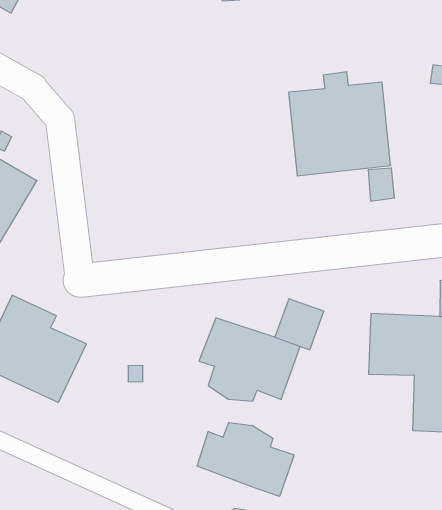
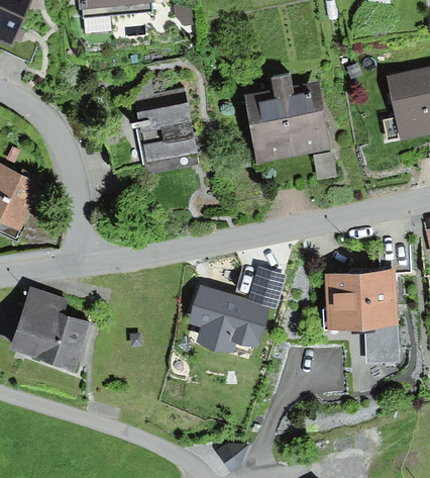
building: none -> [132,77,197,175]
building: [197,422,294,496] -> none

